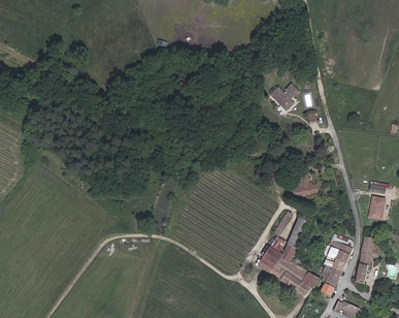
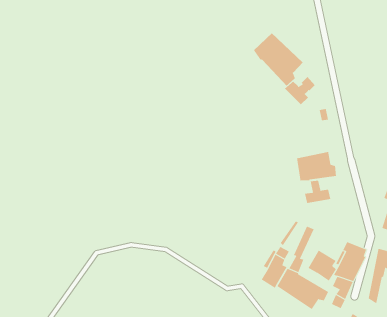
building: none -> [253,32,303,86]
building: none -> [297,151,337,182]
building: none -> [308,250,337,281]

